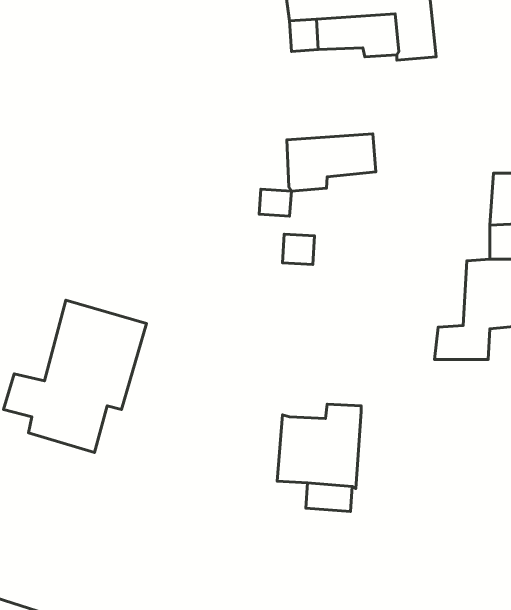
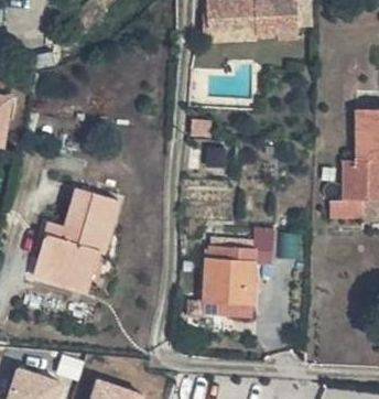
building: [287,134,376,191] -> none
building: none -> [212,230,273,261]

